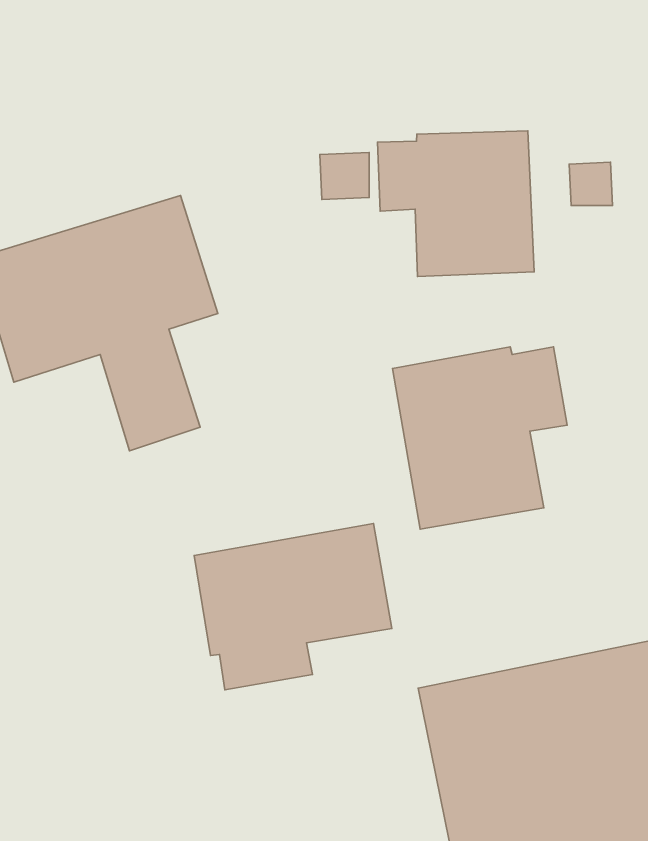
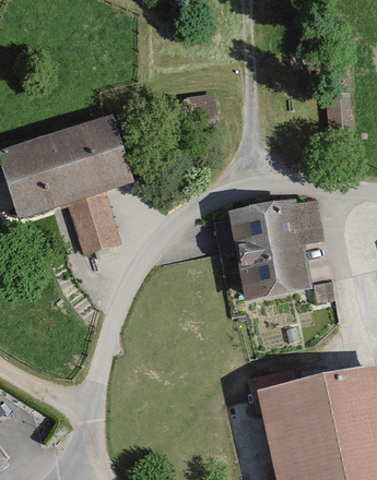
building: [378,131,534,276] -> none
building: [194,524,392,690] -> none

